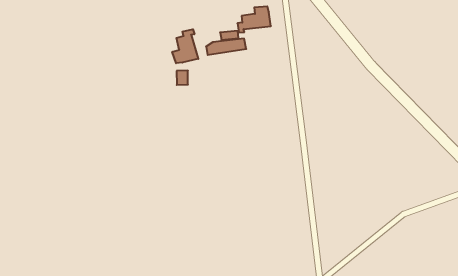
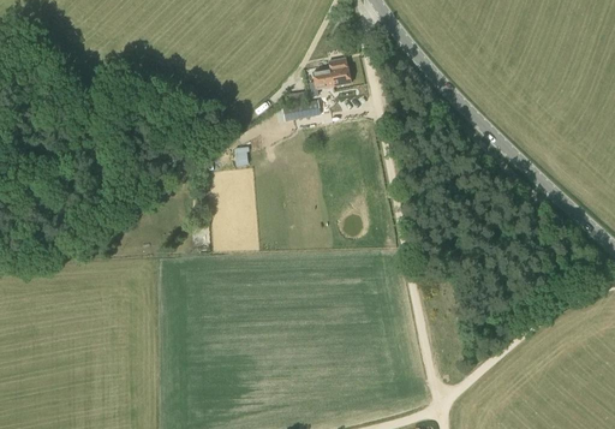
building: [172,29,198,63] -> none

